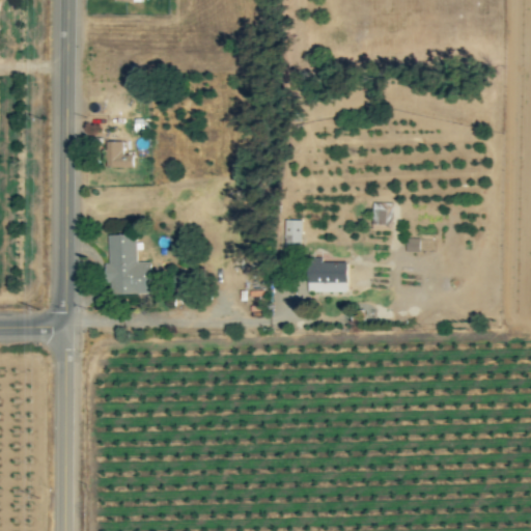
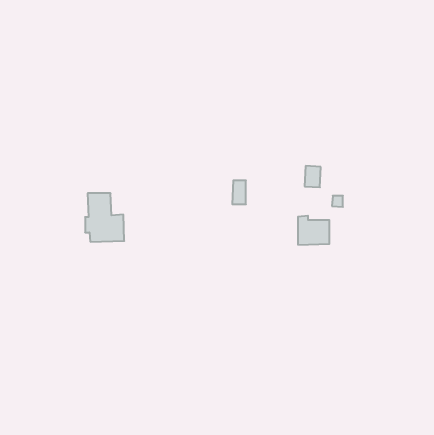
building: [106,141,133,168] -> none
building: [308,257,346,292] -> [298,216,329,245]

